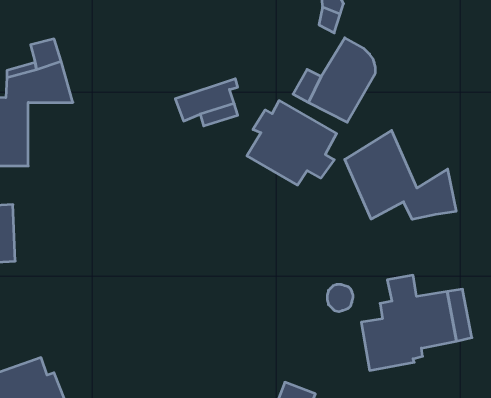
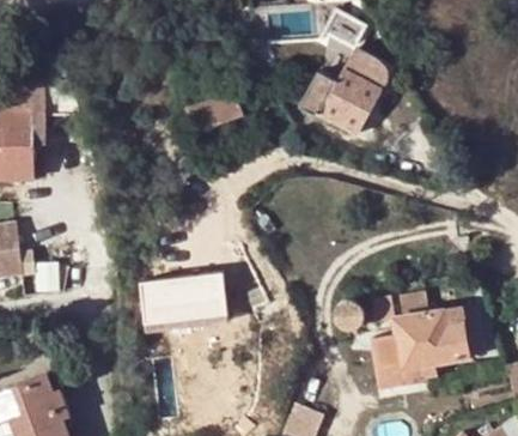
building: [247,101,337,185] -> none
building: [345,130,456,219] -> none
building: none -> [133,274,227,332]

